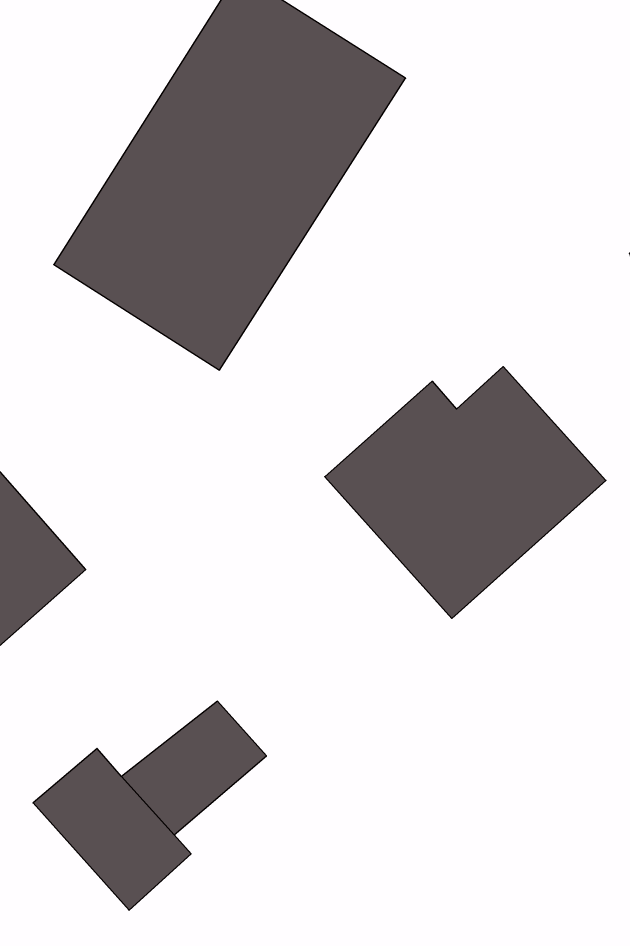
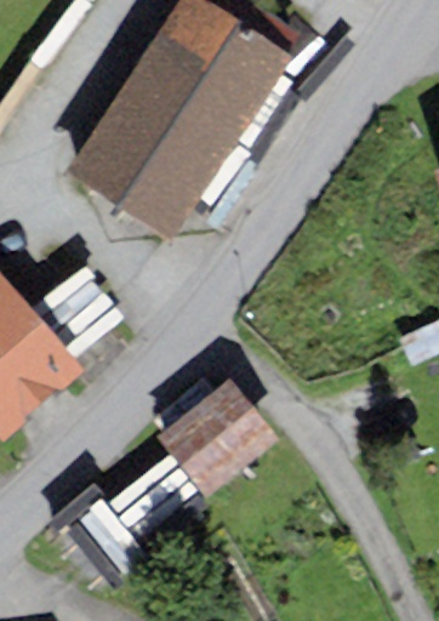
building: [325,367,606,618] -> none
building: none -> [158,376,281,498]

